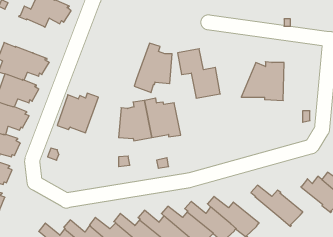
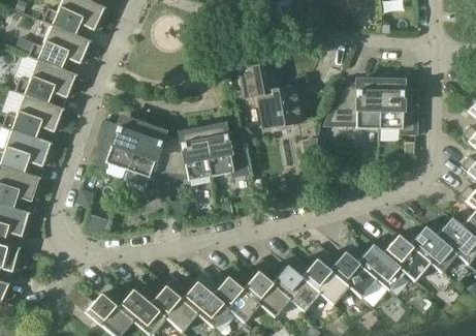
building: none -> [27,26,94,70]
building: [134,43,172,93] -> [124,126,172,189]
building: none -> [380,82,417,134]
building: none -> [376,236,431,282]
building: none -> [311,246,377,300]

